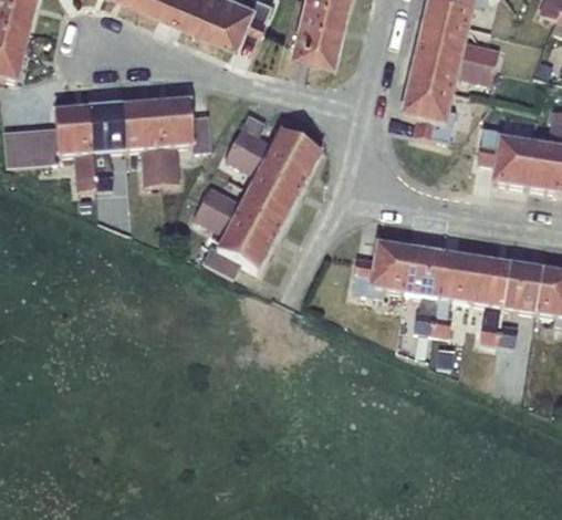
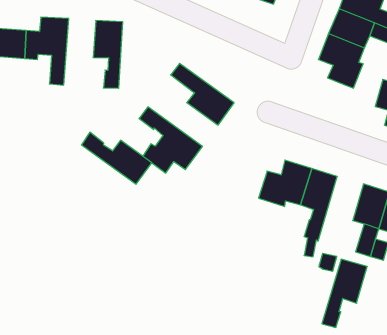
building: [155,98,210,183] -> none
building: [89,104,125,188] -> none
building: [231,114,320,180] -> none
building: [200,184,289,239] -> [82,132,152,184]
building: [430,252,476,336] -> [322,259,367,327]

